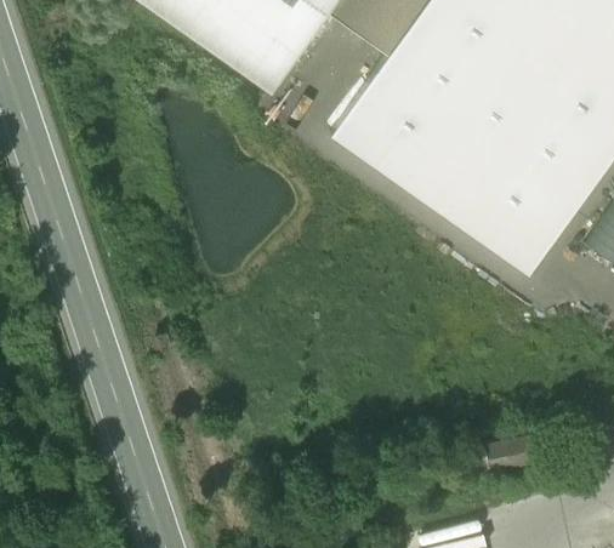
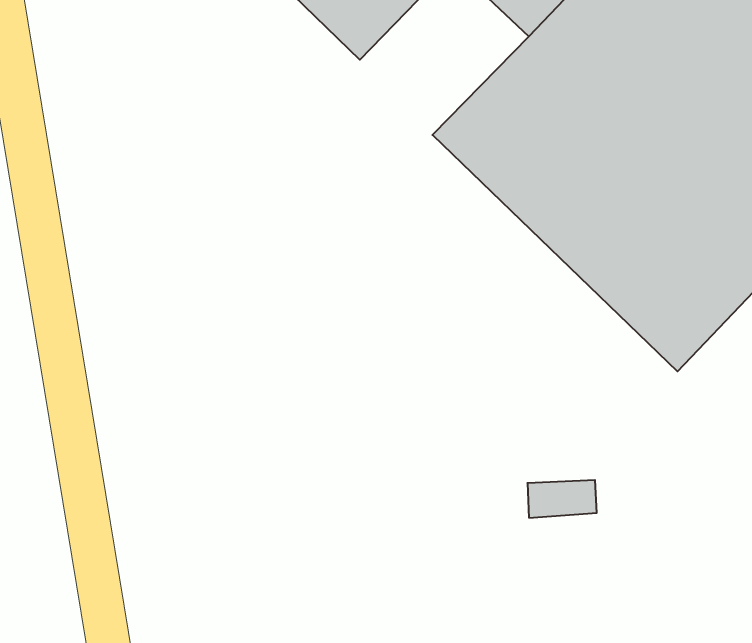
building: [495,434,547,468] -> [527,480,597,518]

